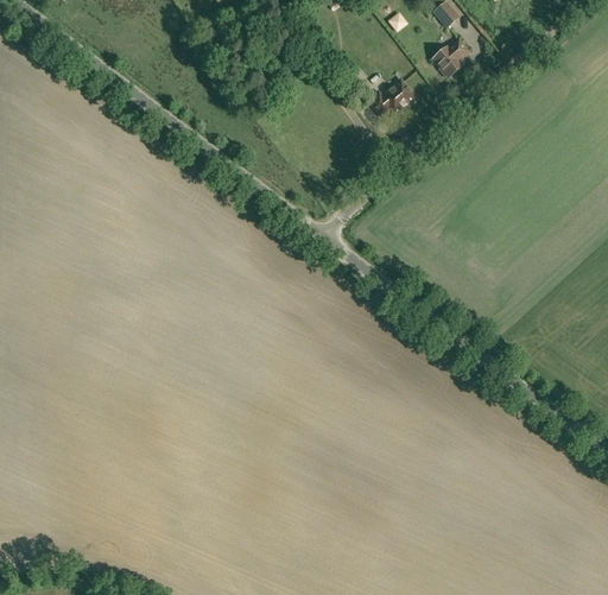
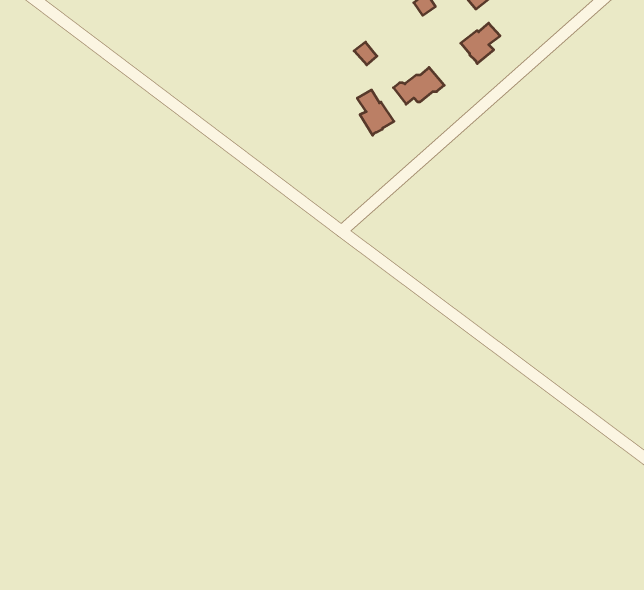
building: none -> [357,90,394,135]

